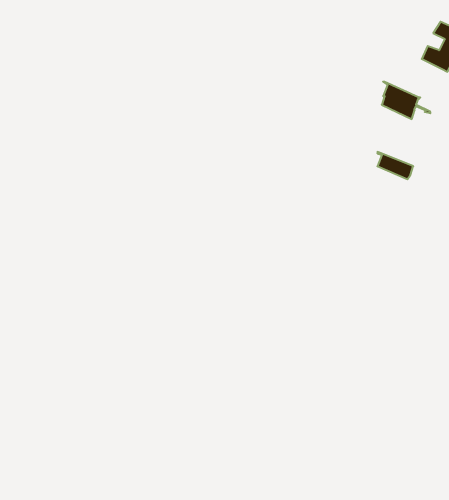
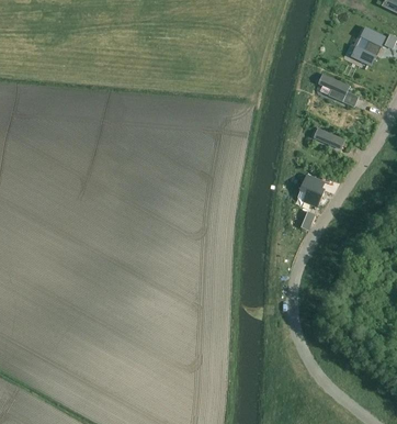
building: none -> [300,175,322,207]

